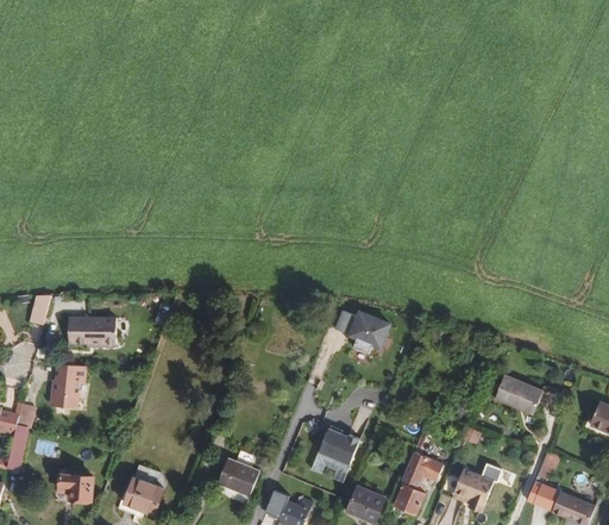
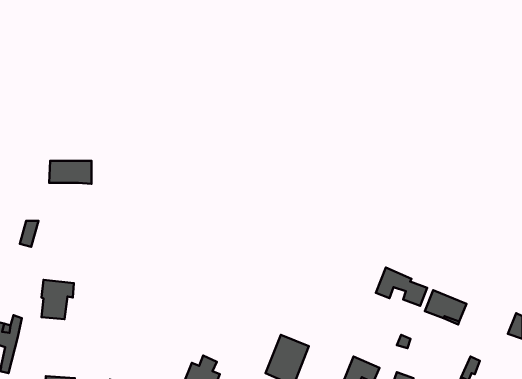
building: [335,308,394,354] -> none
building: [68,318,117,344] -> [49,161,92,184]
building: none -> [376,268,427,306]

